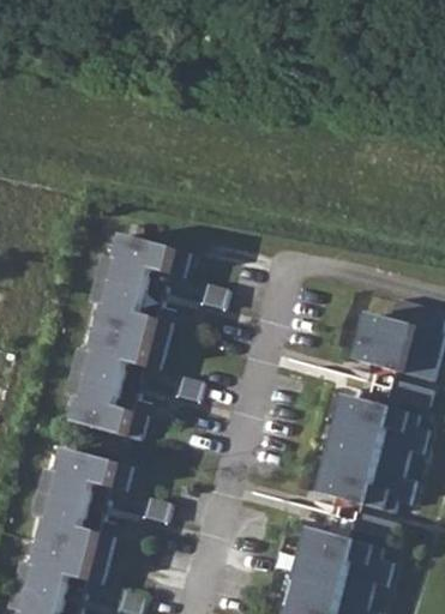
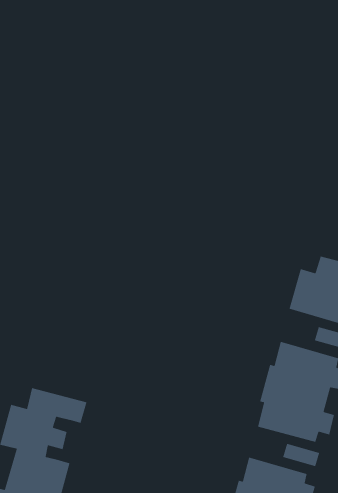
building: [61,236,186,439] -> none

